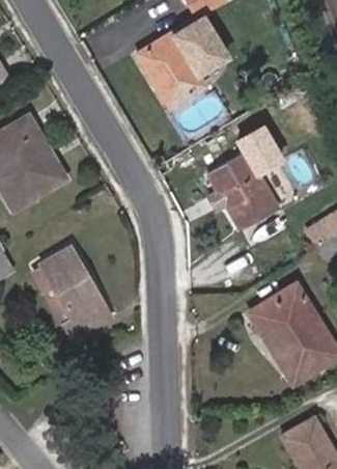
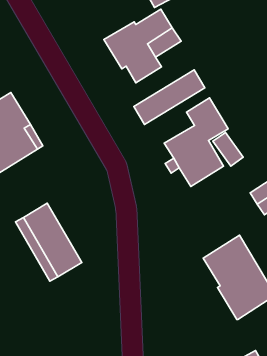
building: none -> [134,70,205,125]

